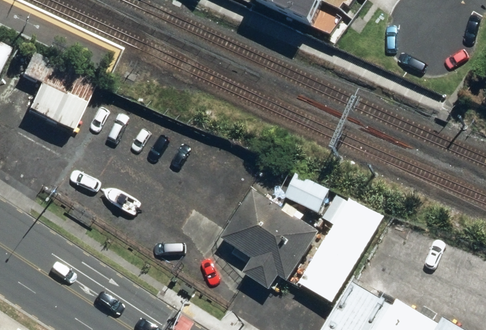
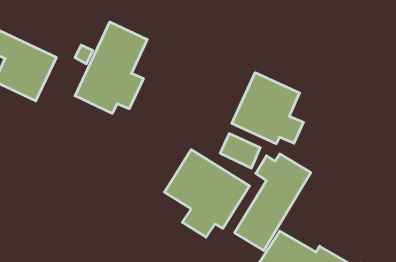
building: none -> [75,22,147,113]
building: none -> [232,73,303,144]

